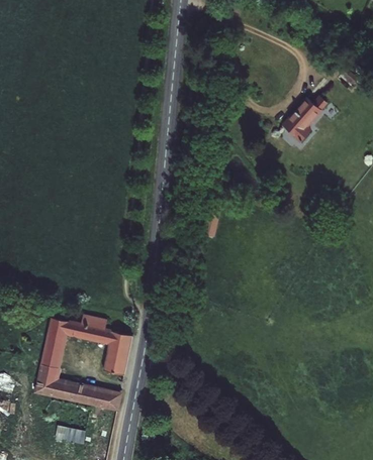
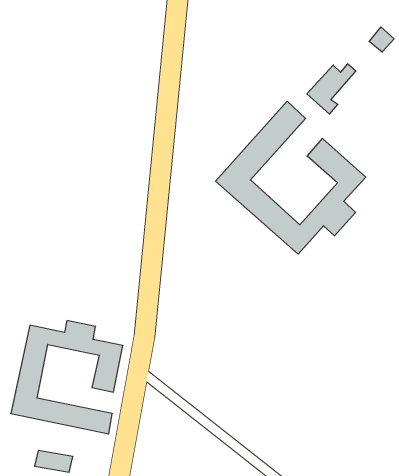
building: none -> [216,101,366,254]

